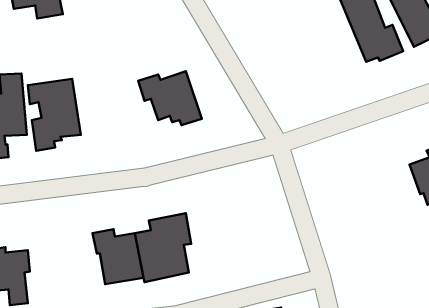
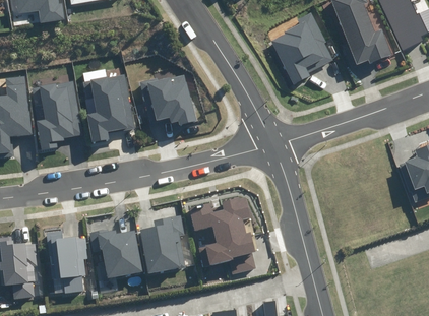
building: none -> [270,13,332,84]
building: none -> [82,74,134,143]
building: none -> [187,196,255,274]
building: none -> [46,231,86,294]

